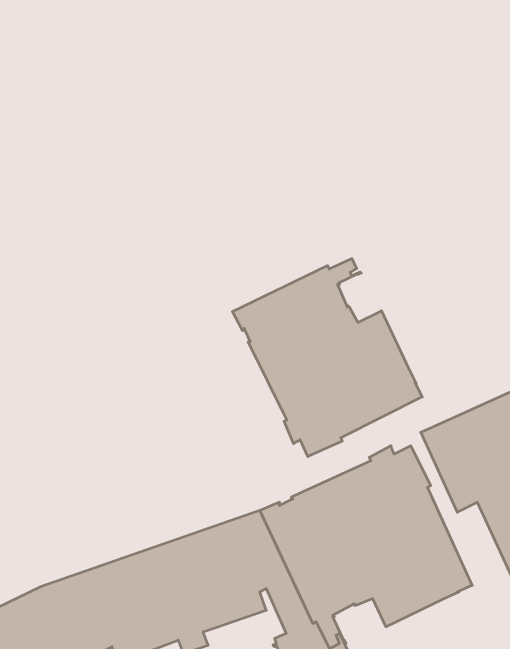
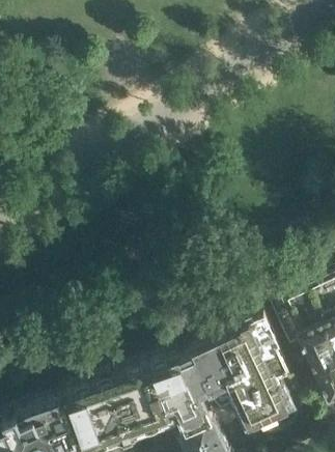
building: [232,259,422,457] -> none

